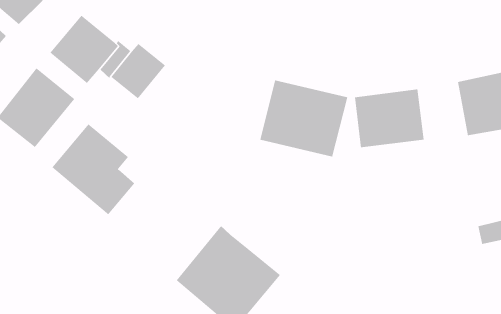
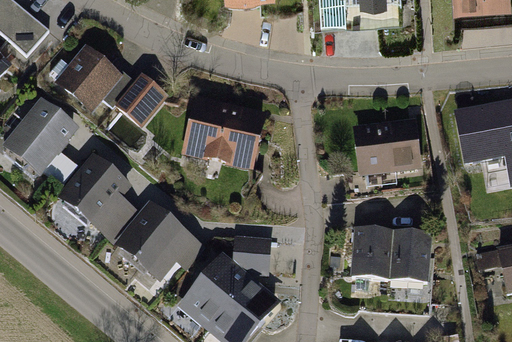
building: [259,80,348,157] -> [181,96,268,172]
building: none -> [113,201,206,283]
building: none -> [350,228,432,283]
building: none -> [232,236,272,277]

